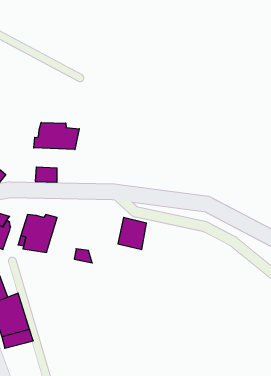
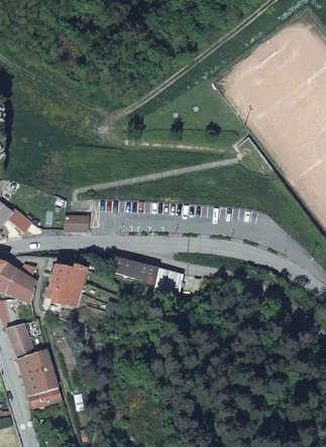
building: [34,122,79,150] -> none
building: none -> [108,256,155,281]

